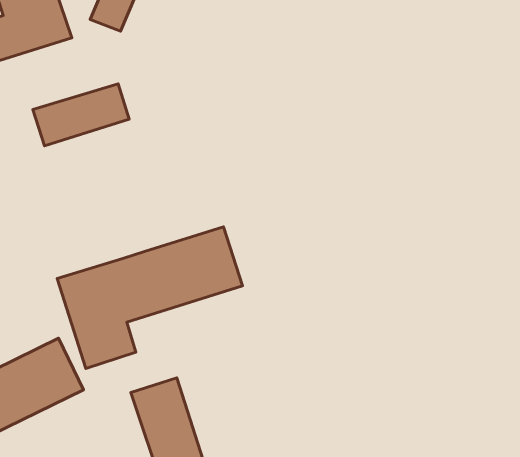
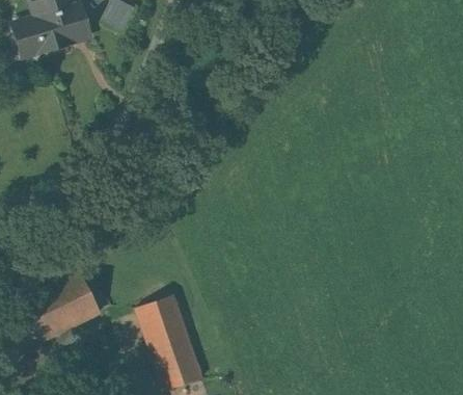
building: [33,84,129,146] -> none
building: [57,227,242,369] -> none

